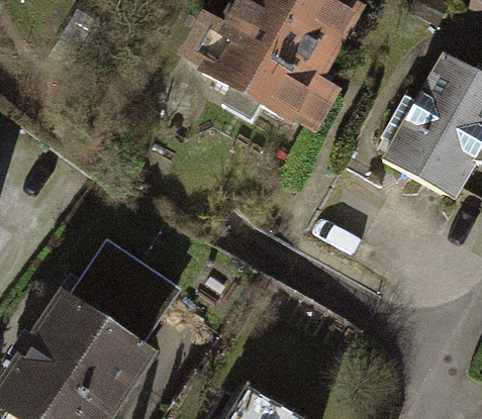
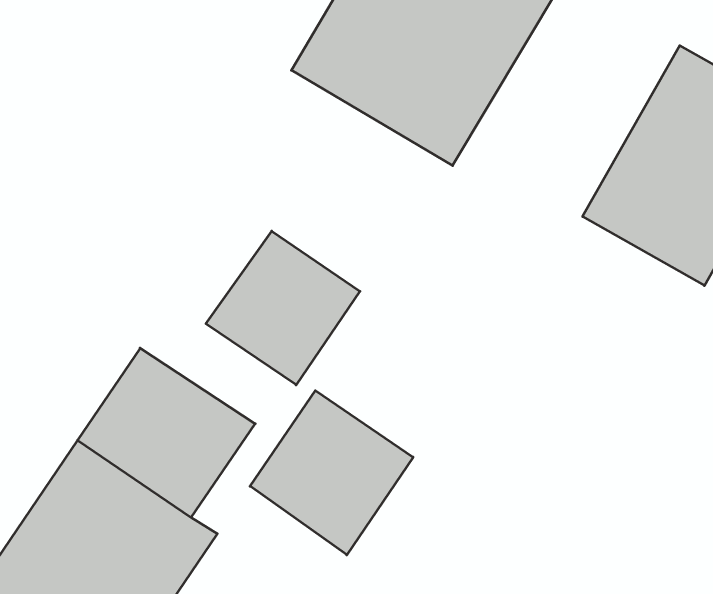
building: none -> [206,231,360,385]
building: none -> [250,391,413,555]

